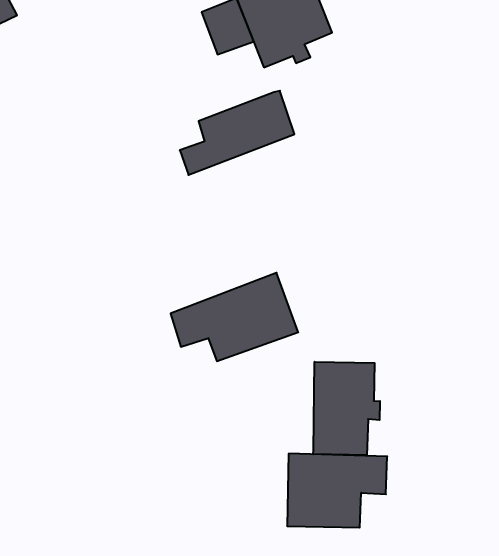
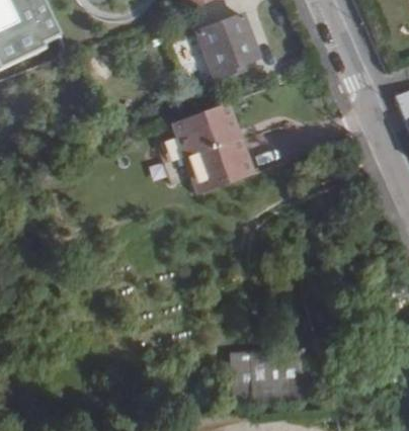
building: [171,273,298,361] -> [163,128,252,190]
building: [313,362,380,455] -> none

